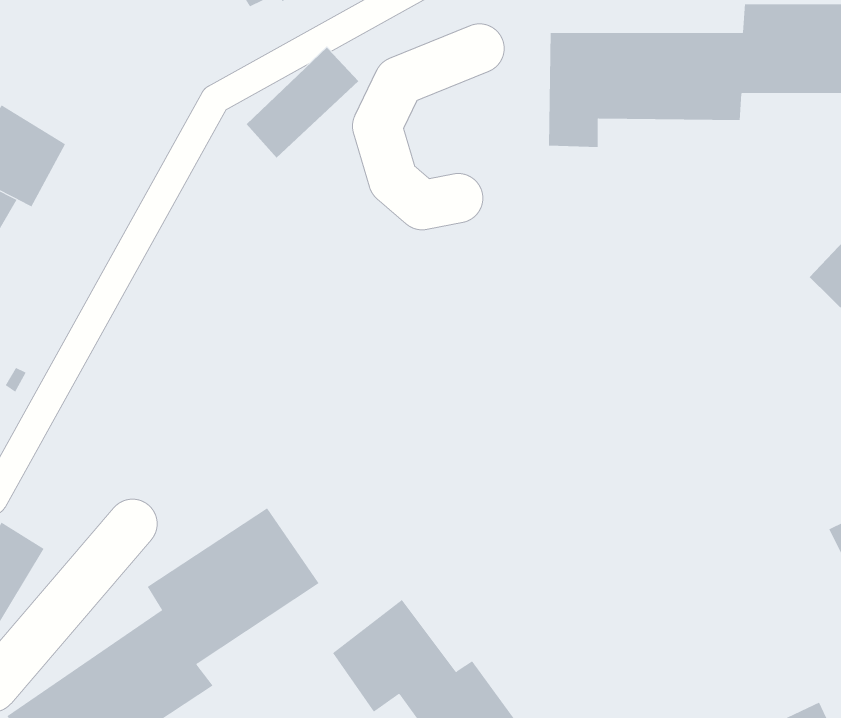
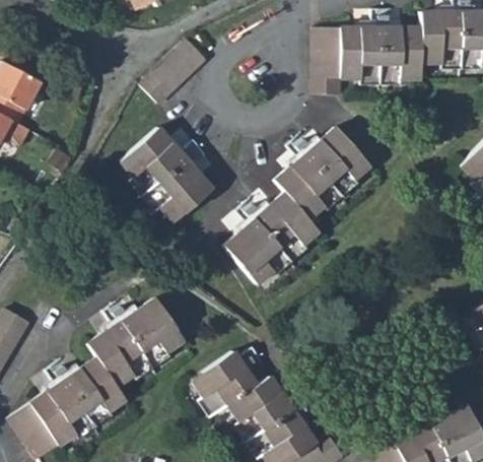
building: none -> [123,125,214,220]
building: none -> [226,127,371,283]

